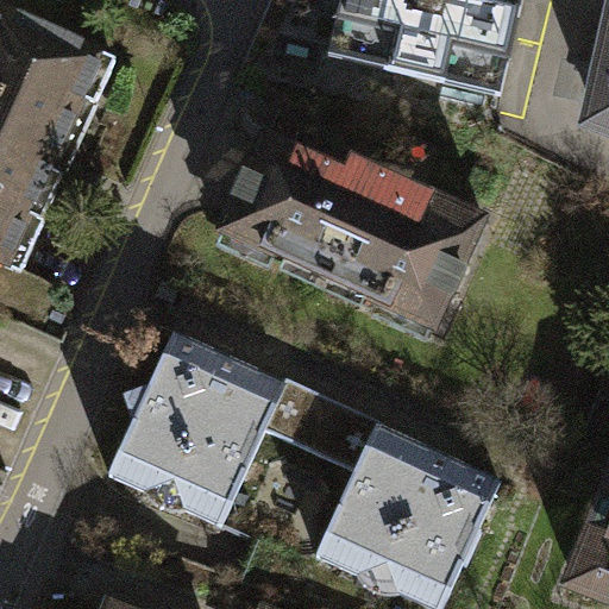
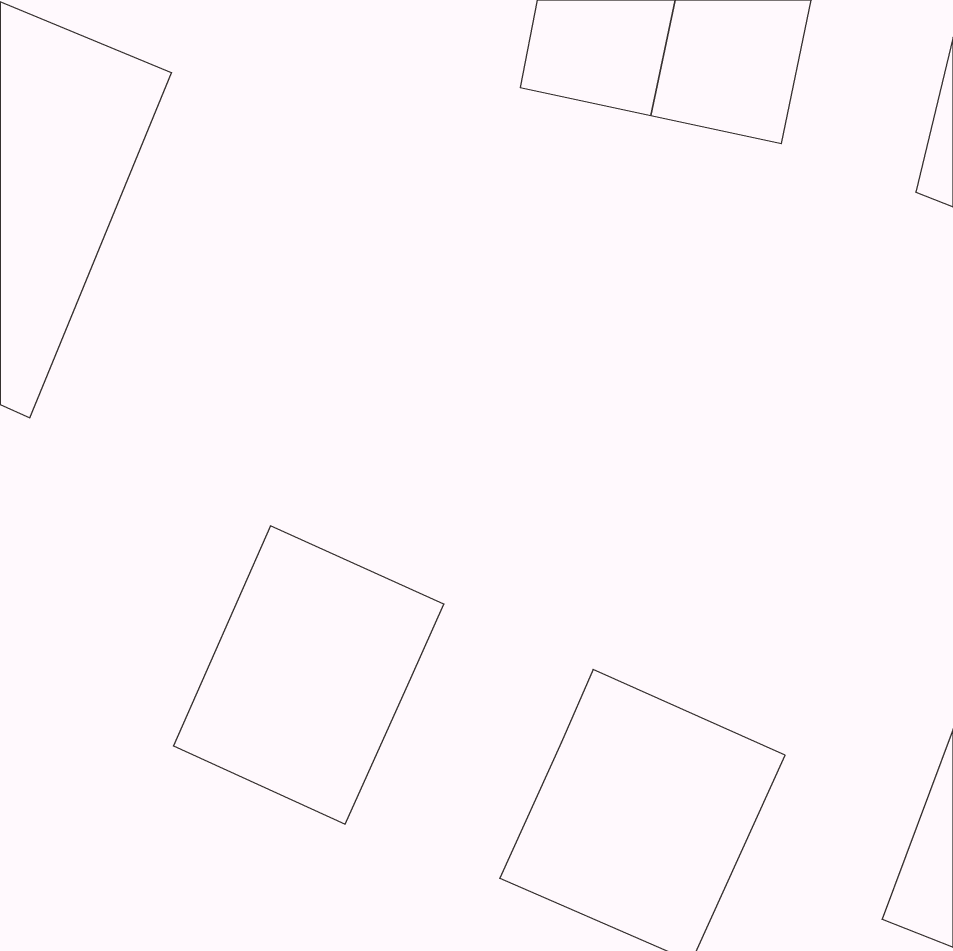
building: [226,112,486,316] -> none
building: [263,387,378,475] -> none

